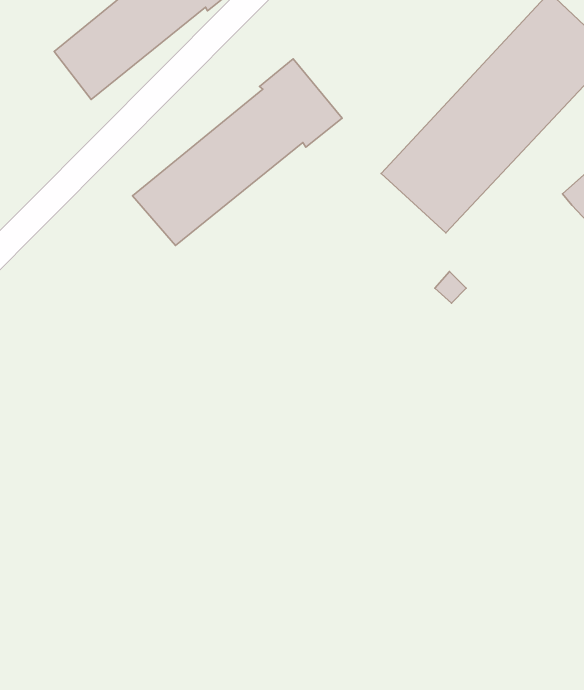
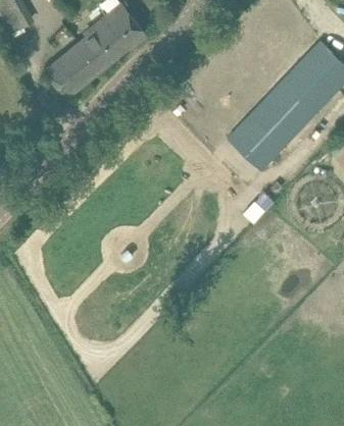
building: [133,59,342,246] -> none

